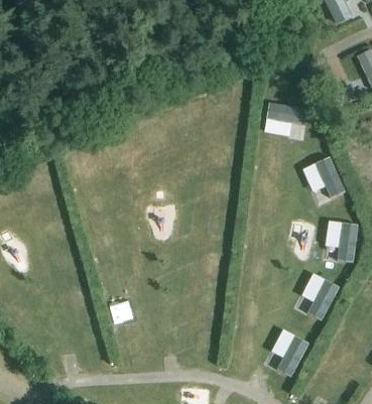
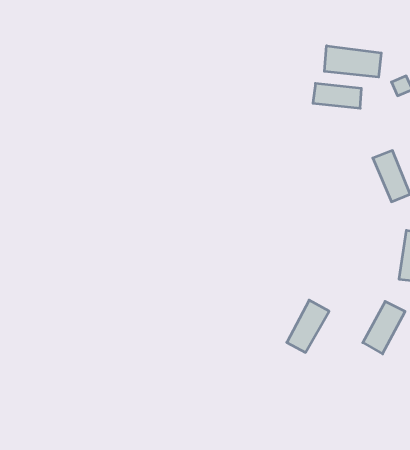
building: none -> [324,46,381,77]
building: [275,333,309,376] -> [287,300,329,352]

